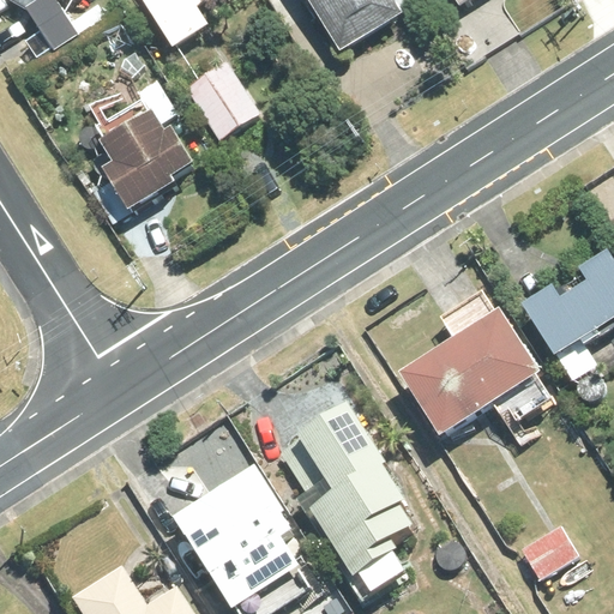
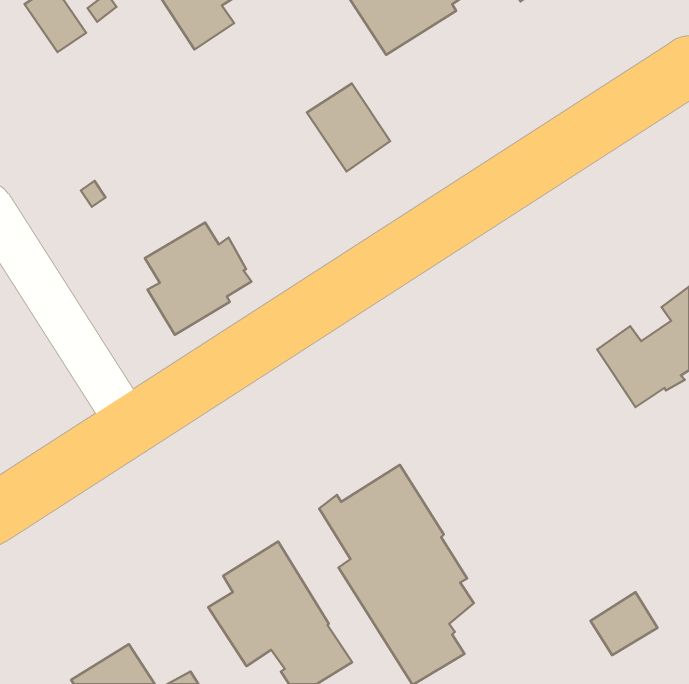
building: [181,55,254,132] -> [307,84,390,171]
building: [100,112,193,210] -> [145,222,252,335]
building: [401,305,542,438] -> none

